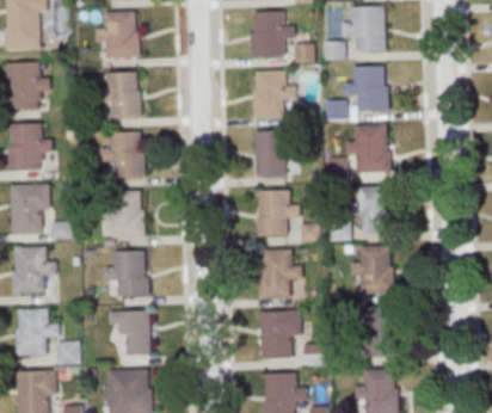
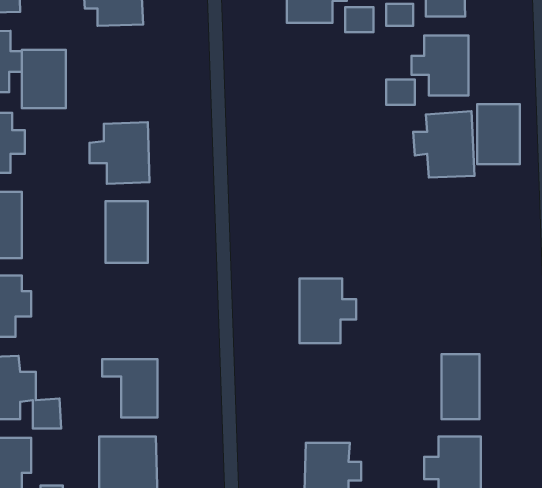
building: [253,70,296,117] -> none
building: [107,73,141,117] -> [22,50,66,108]
building: [254,130,288,175] -> none
building: [358,186,390,232] -> [477,104,520,164]
building: [256,191,301,236] -> none
building: [351,246,393,294] -> none
building: [105,251,149,296] -> none
building: [262,310,301,358] -> none

